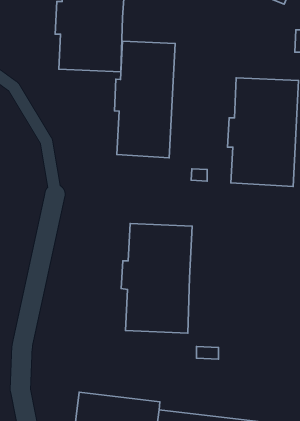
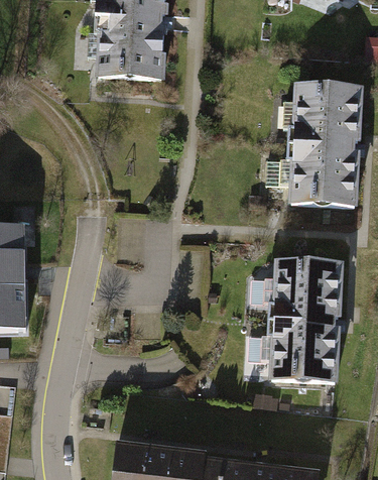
building: [115,41,175,158] -> none
building: [121,224,192,333] -> [266,267,347,391]

